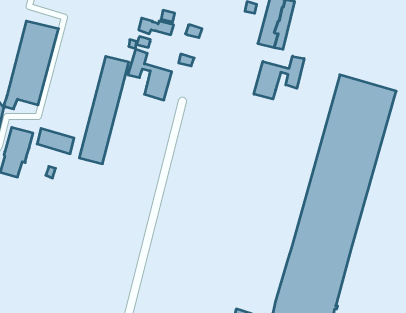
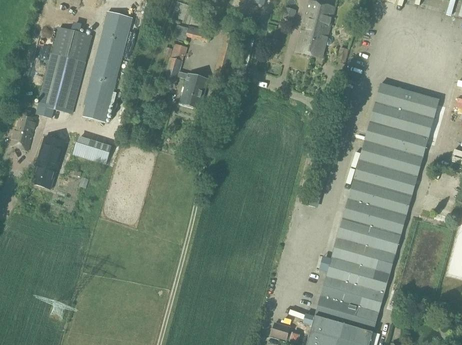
building: [254,56,304,99] -> none
building: [79,56,129,164] -> [82,11,133,121]

